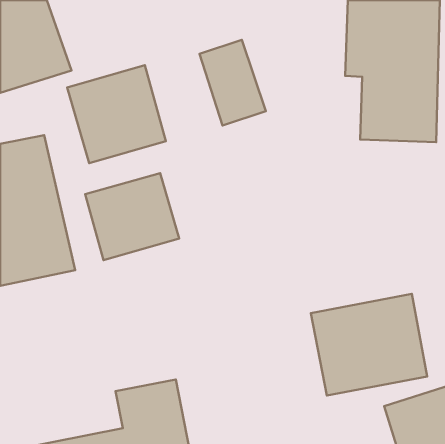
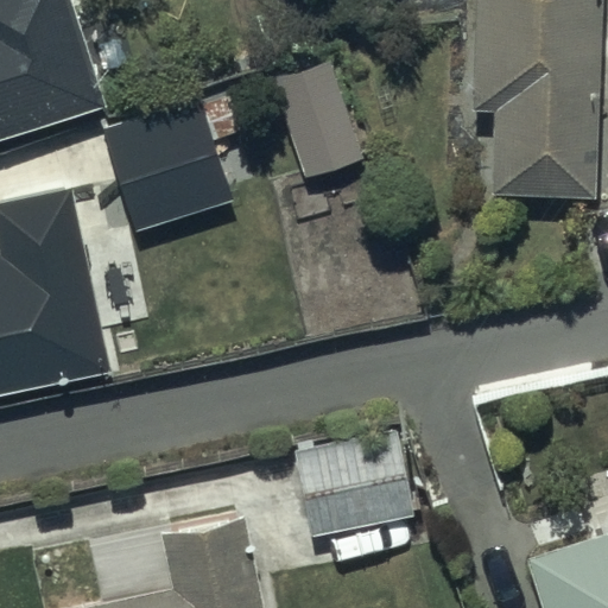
building: [85,173,179,260] -> none
building: [311,294,427,396] -> none
building: none -> [291,431,414,539]

